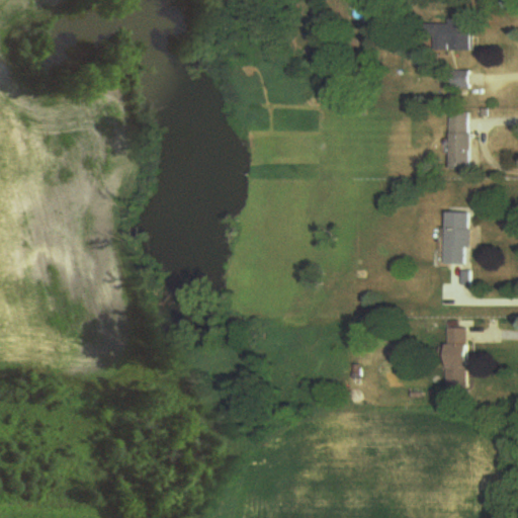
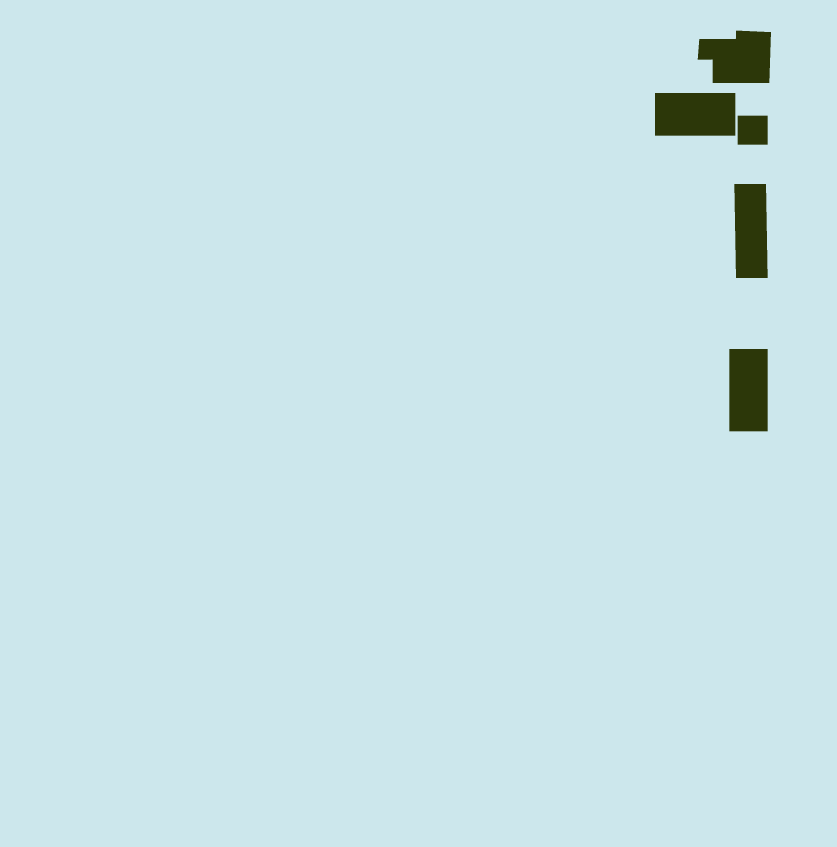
building: none -> [655,92,736,137]
building: [443,326,464,386] -> none

